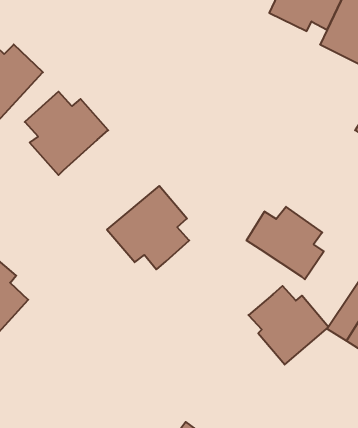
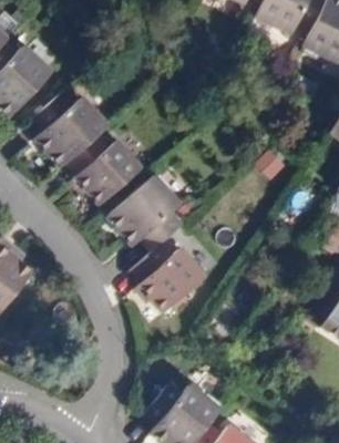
building: none -> [68,133,141,205]
building: [247,207,324,279] -> none
building: [248,286,328,365] -> [131,244,204,316]

